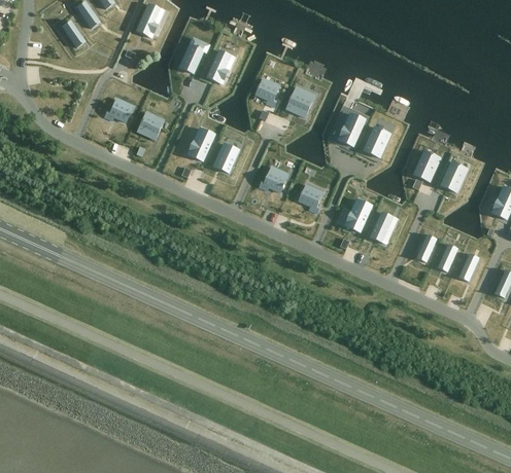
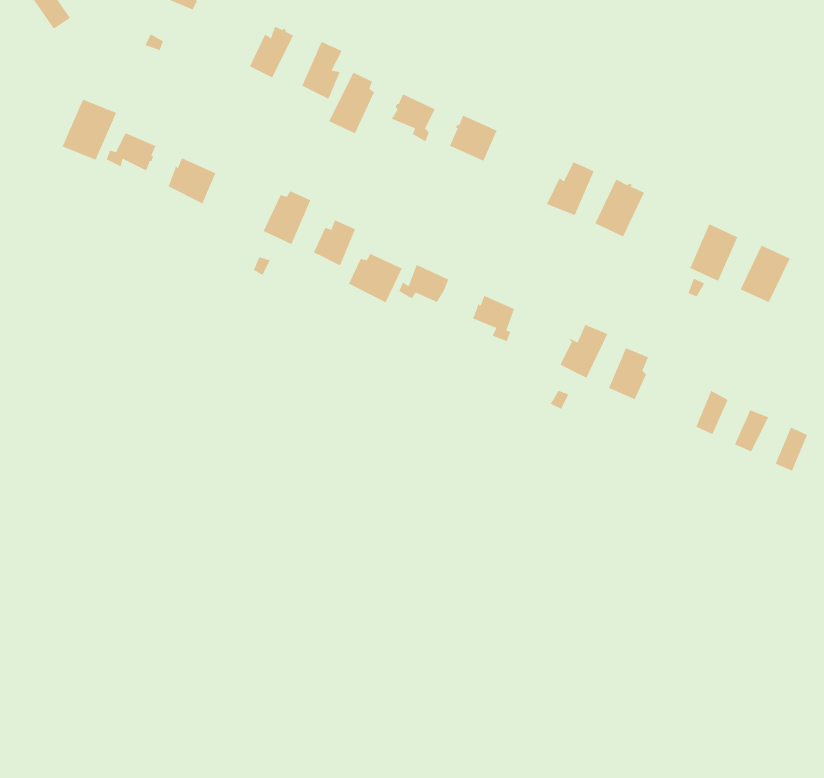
building: none -> [328,72,375,134]
building: none -> [62,99,117,161]
building: none -> [348,253,402,303]

